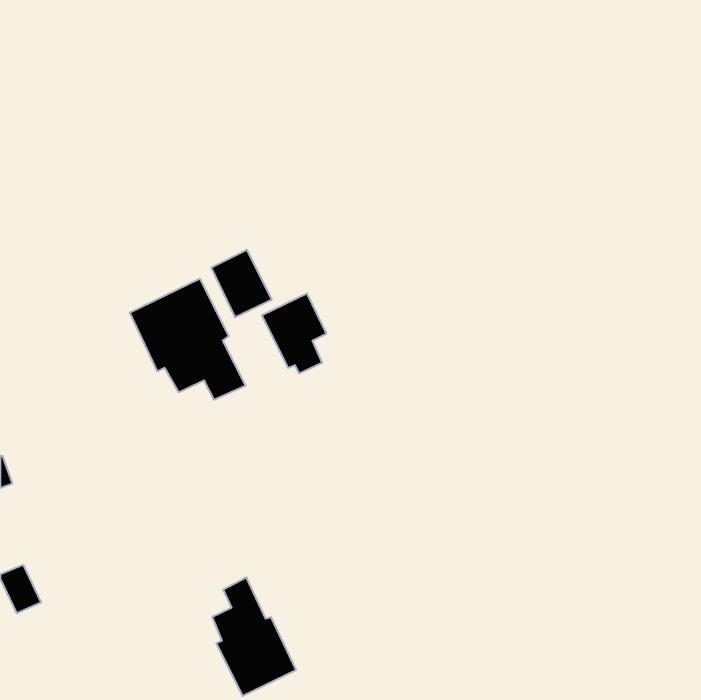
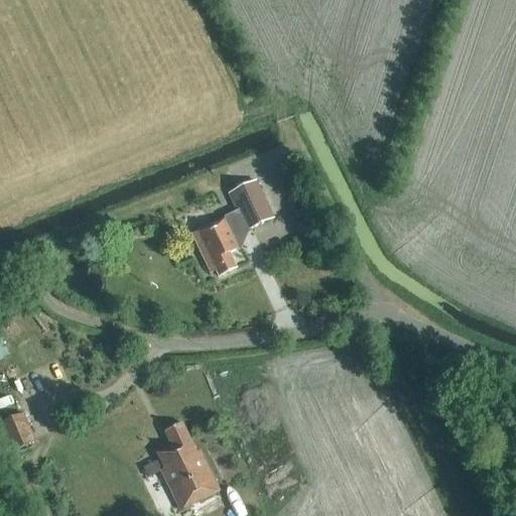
building: [211,250,272,317] -> [231,177,275,227]
building: [130,279,246,400] -> none

